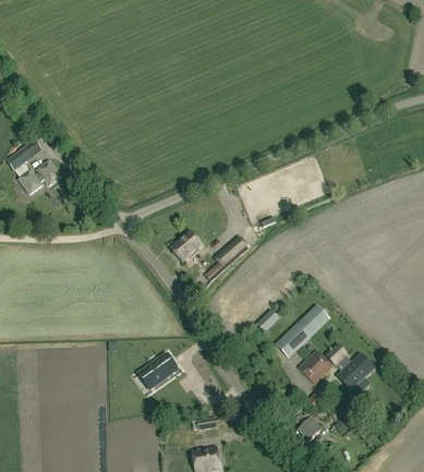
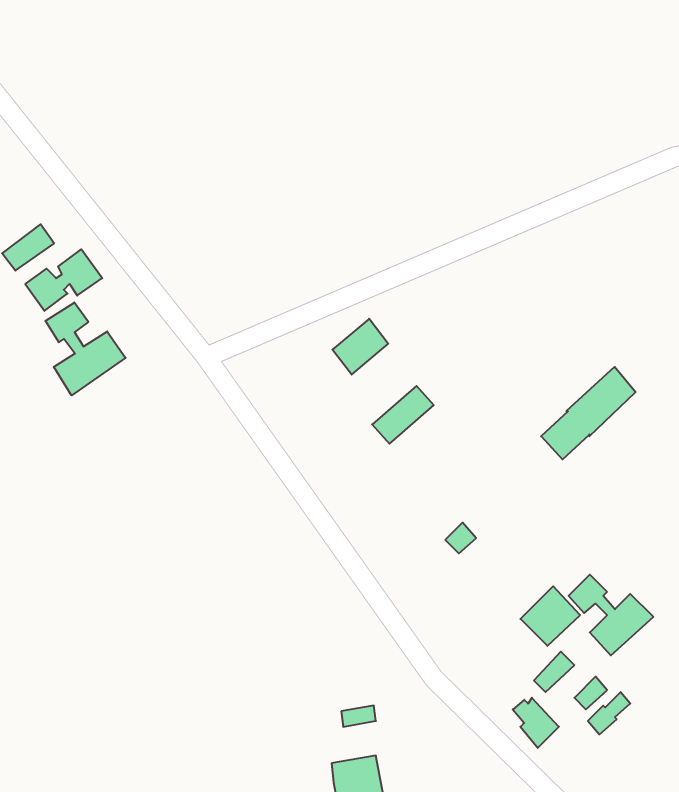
building: none -> [45,302,126,395]
building: [170,230,202,262] -> [332,319,388,375]
building: [276,304,329,356] -> [541,367,636,459]
building: [141,353,174,385] -> none

